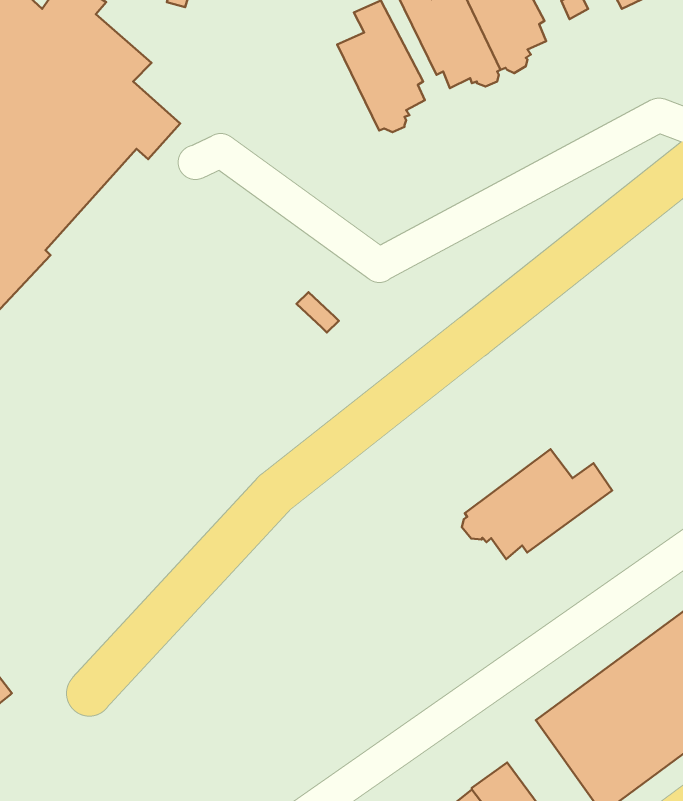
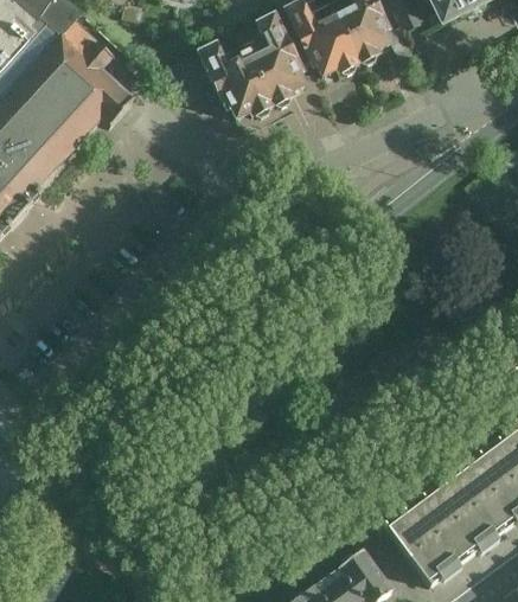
building: none -> [202,32,275,117]
building: [462,449,612,559] -> none

